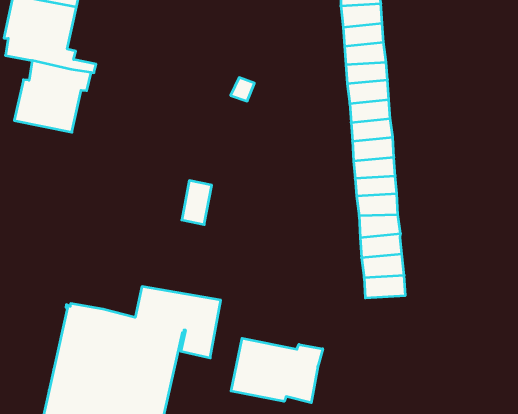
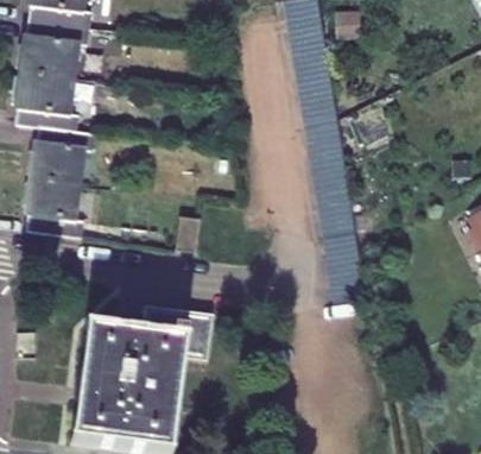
building: none -> [26,176,83,237]
building: [231,338,323,403] -> none

